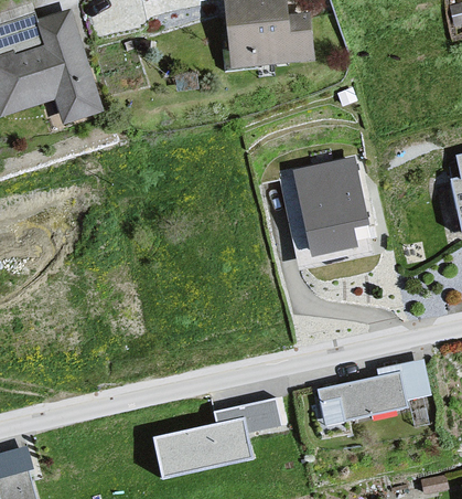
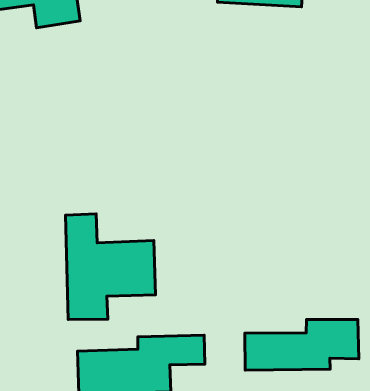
building: [294,152,370,258] -> none
building: none -> [65,214,156,320]

